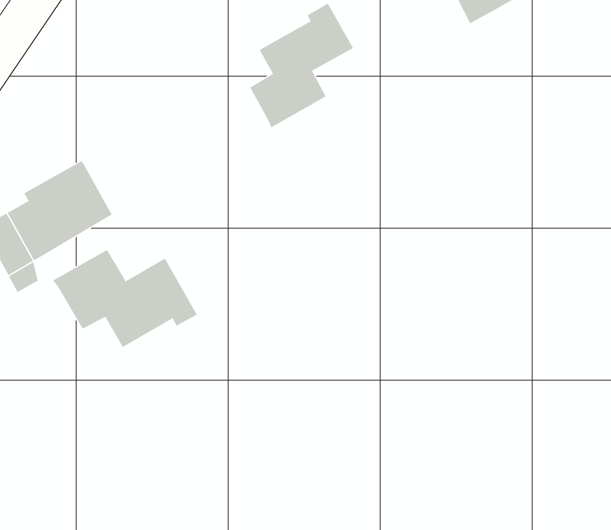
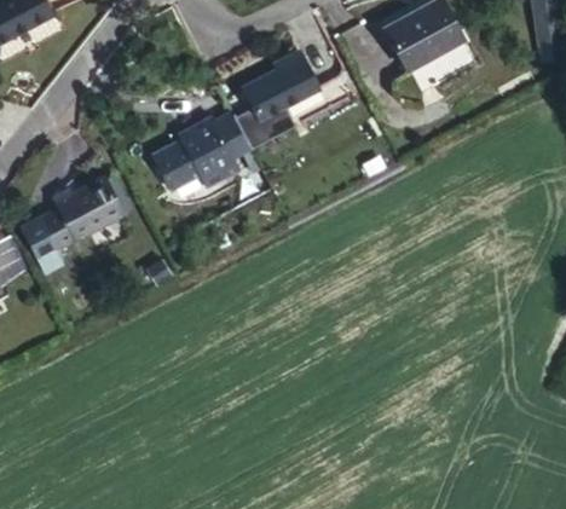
building: none -> [146,112,249,192]
building: [53,249,197,348] -> none

